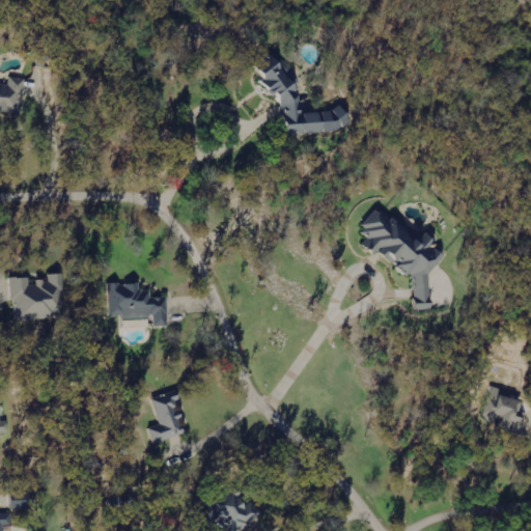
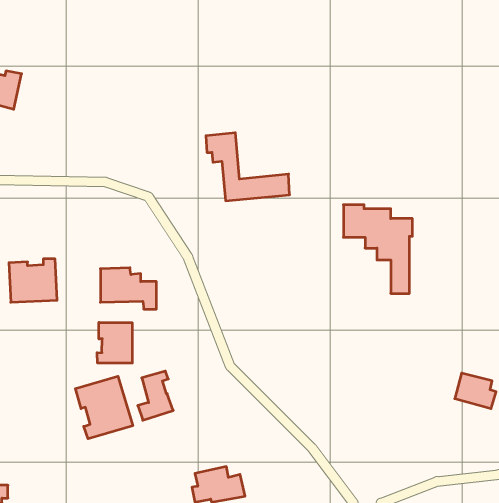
building: [261,62,350,134] -> [206,133,290,201]
building: none -> [97,322,132,363]
building: none -> [75,376,133,439]

